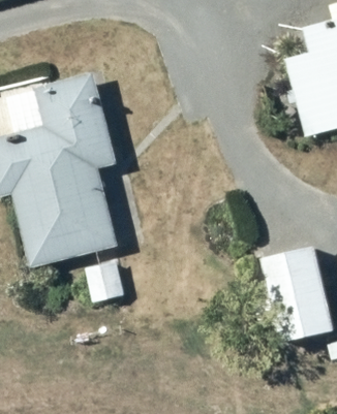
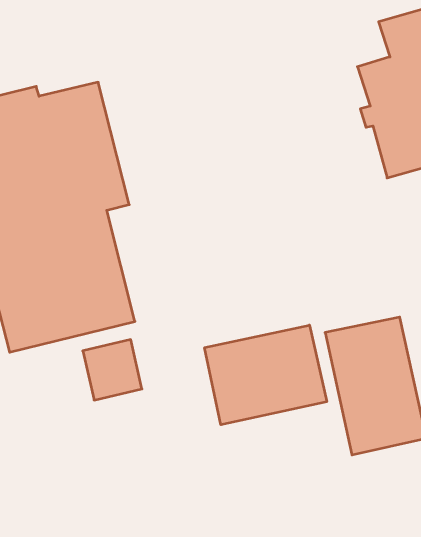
building: none -> [205,325,327,425]

